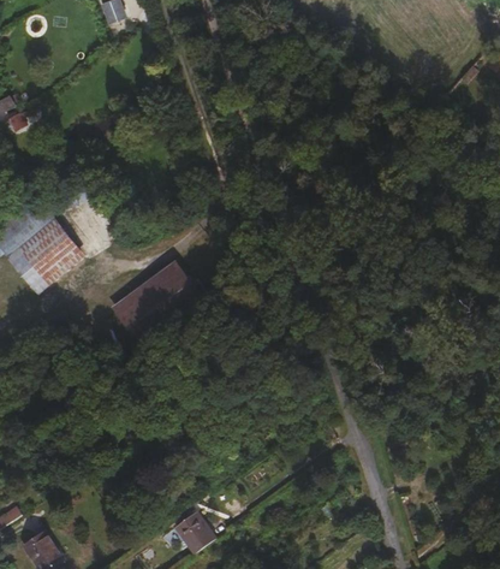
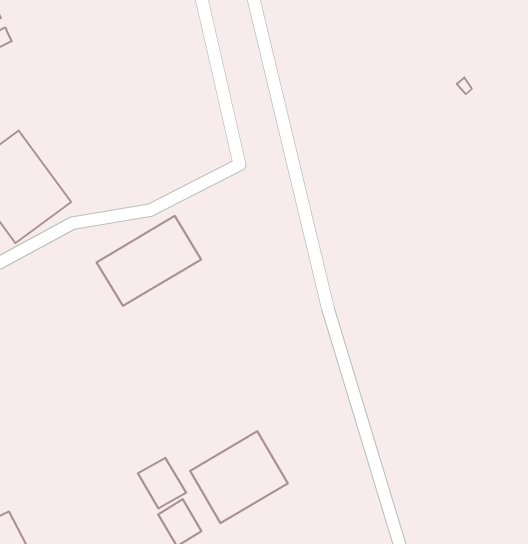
building: none -> [190,431,288,523]
building: none -> [138,458,186,509]

